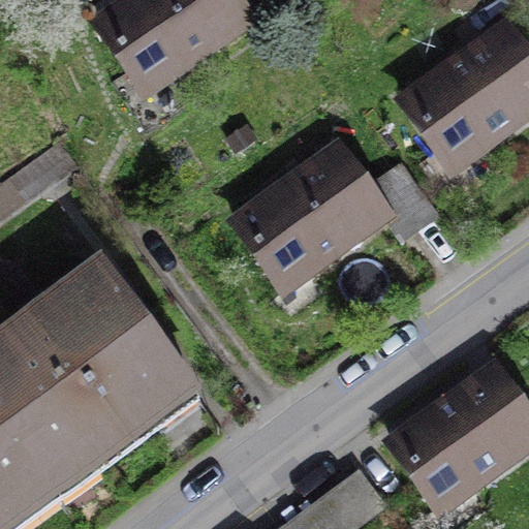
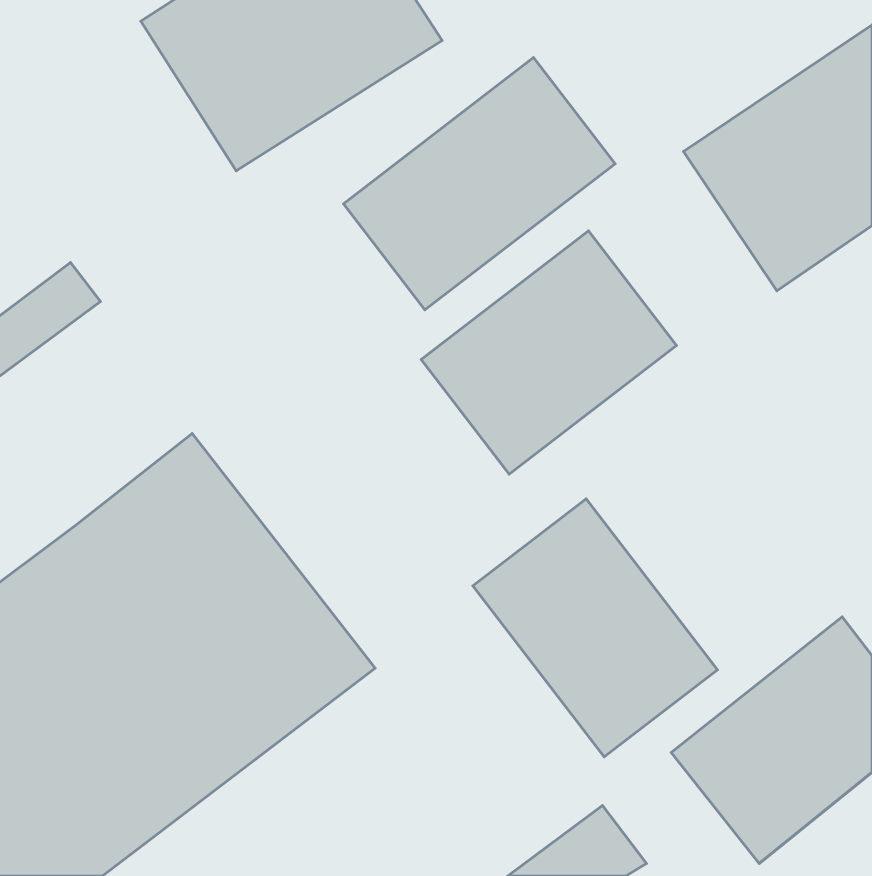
building: none -> [344,57,615,310]
building: none -> [473,499,717,757]

